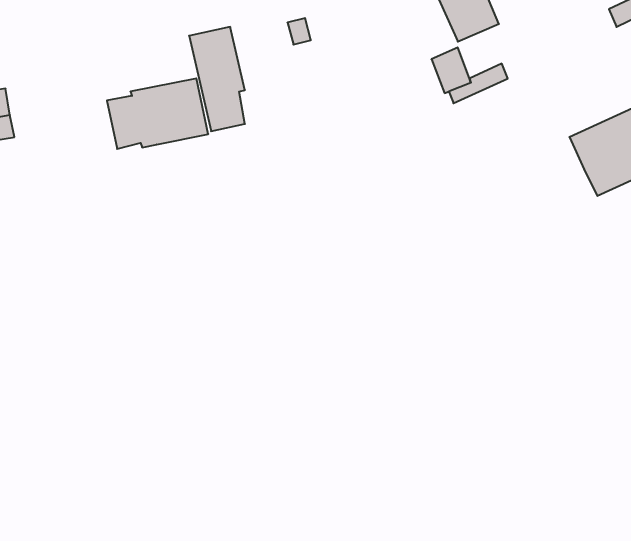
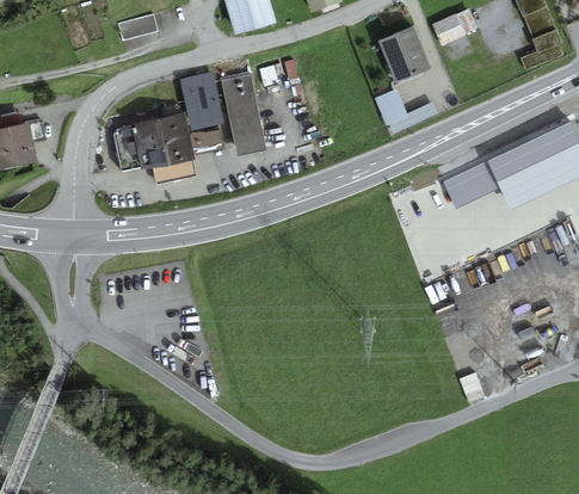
building: none -> [221,70,265,156]
building: none -> [152,159,197,184]
building: none -> [442,161,499,208]

